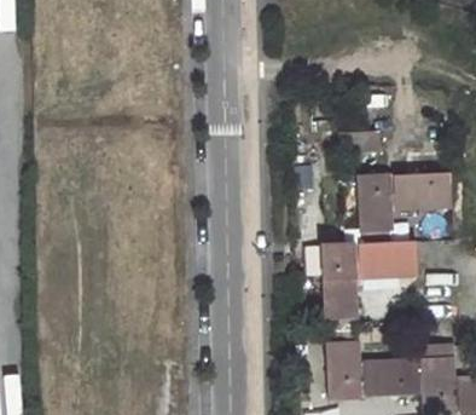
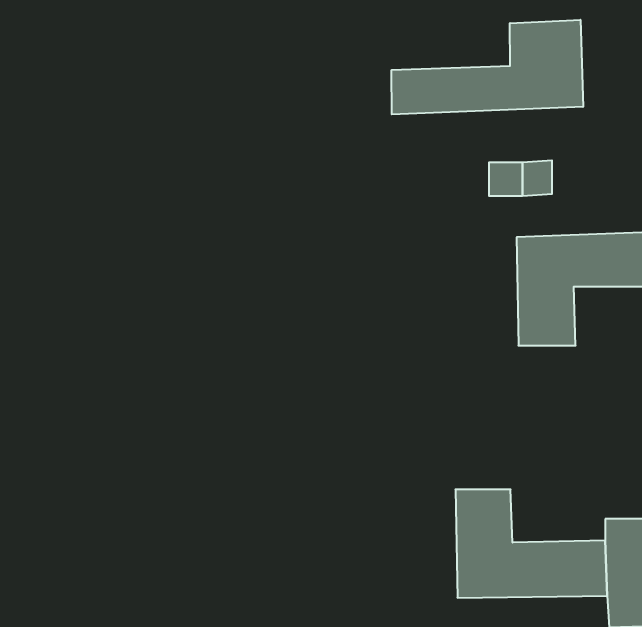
building: none -> [392,20,583,114]
building: [321,240,413,329] -> none

